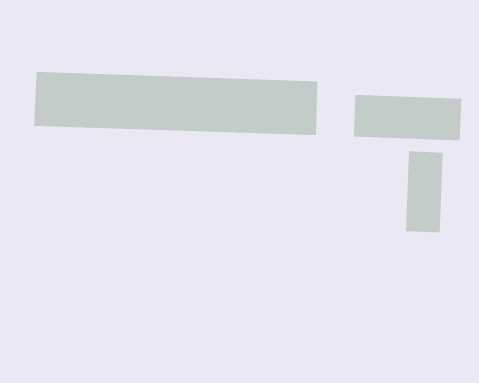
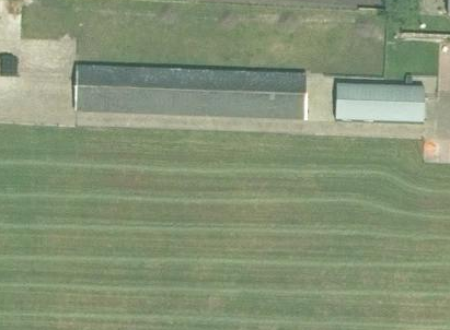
building: [405,151,444,233] -> none

